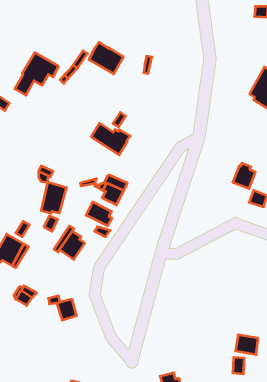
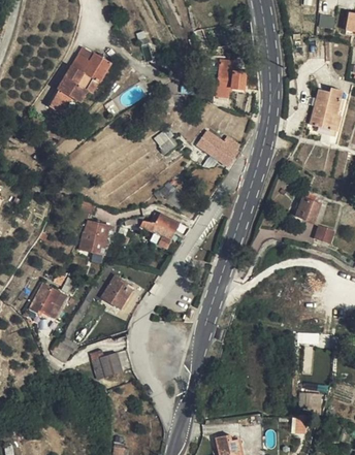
building: [89,42,123,74] -> [71,50,110,86]
building: none -> [212,60,241,92]
building: [91,123,130,155] -> [194,126,238,162]
building: [86,202,112,226] -> none

